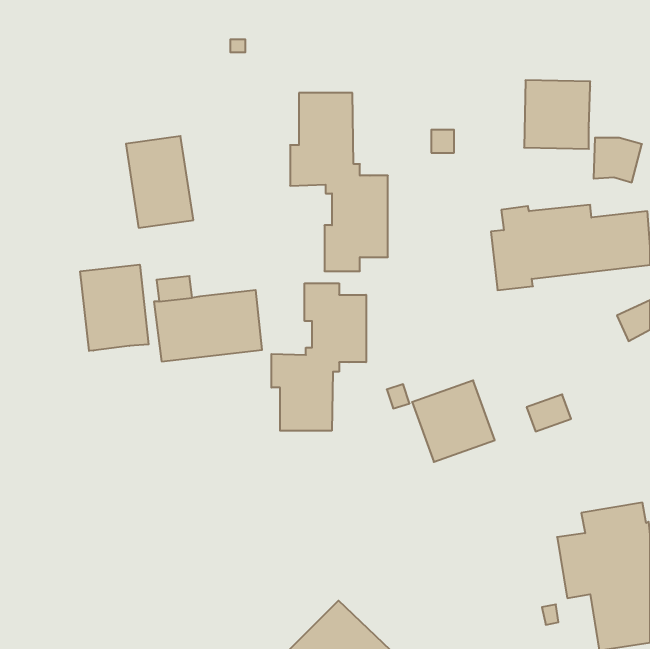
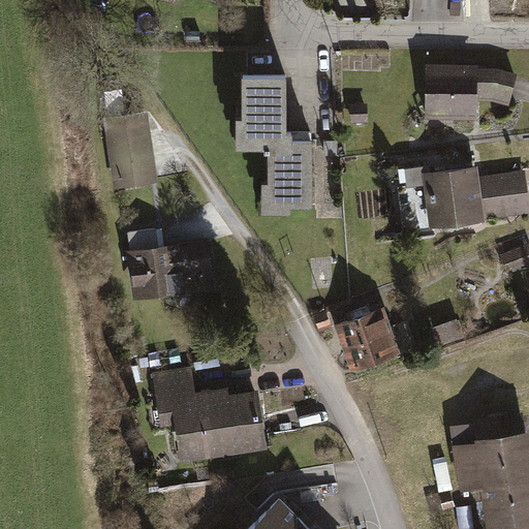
building: [594,138,642,182] -> [478,71,518,107]
building: [80,265,149,351] -> none
building: [271,283,366,431] -> none
building: none -> [151,365,266,458]

